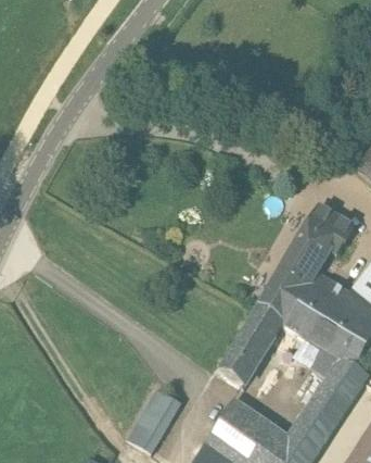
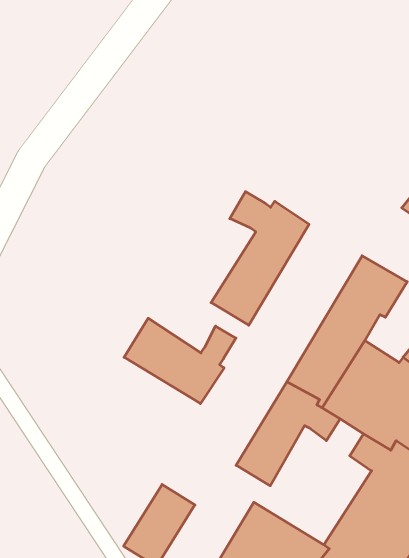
building: none -> [211,192,309,325]
building: none -> [124,318,236,404]

